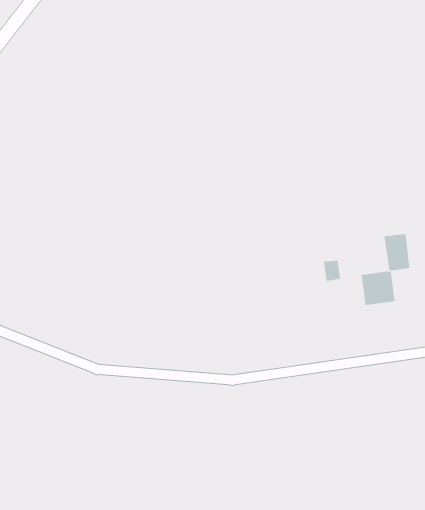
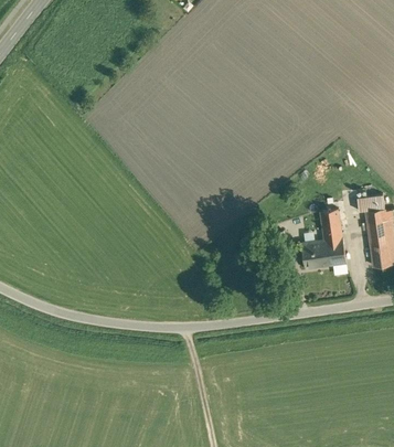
building: none -> [327,235,347,264]

